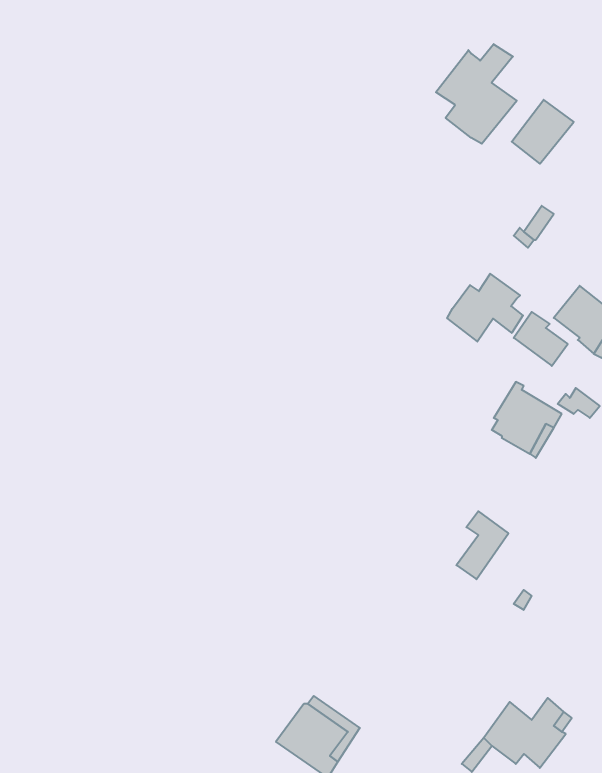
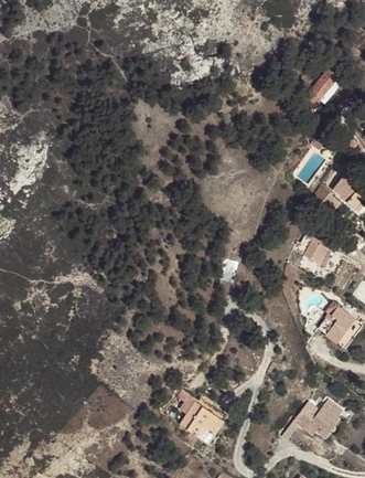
building: [436,44,517,144] -> none
building: [447,274,523,342] -> none
building: [456,511,508,579] -> [325,306,354,343]

